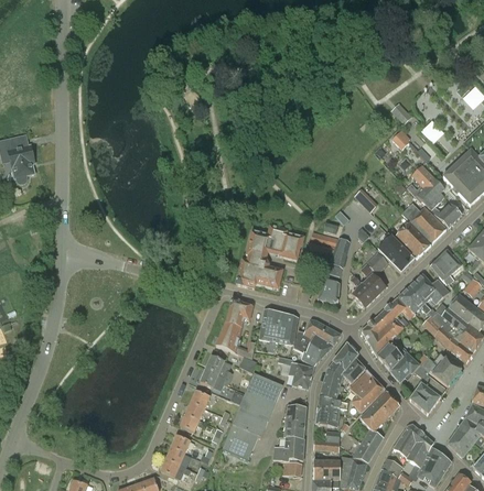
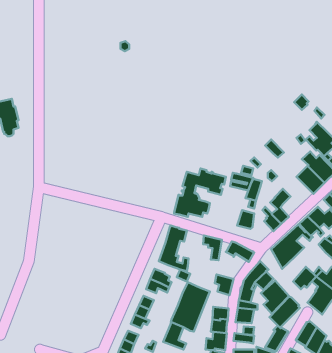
building: [377,236,411,272] -> none
building: [259,308,286,352] -> none
building: [293,329,333,367] -> none
building: [376,339,407,371] -> none

